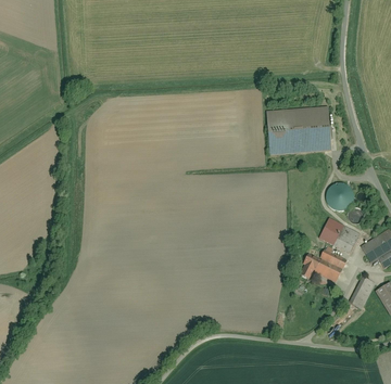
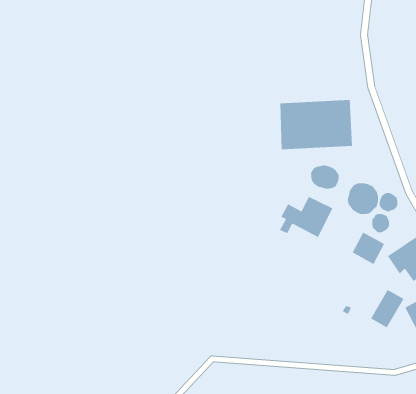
building: none -> [311,165,339,189]
building: [301,247,349,284] -> [279,196,333,238]

